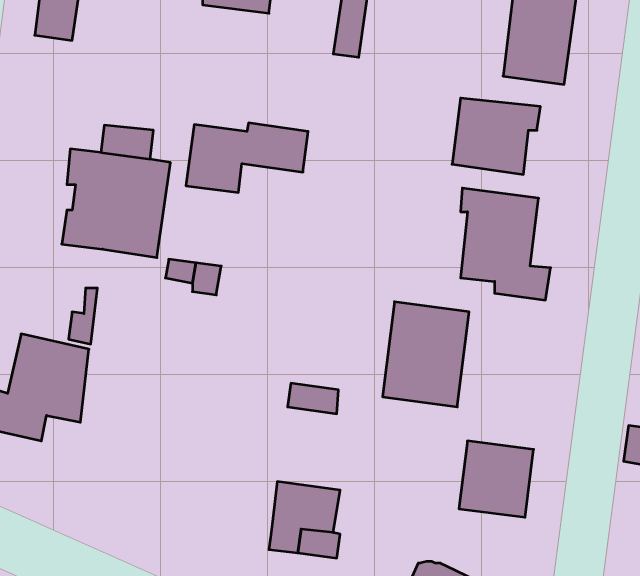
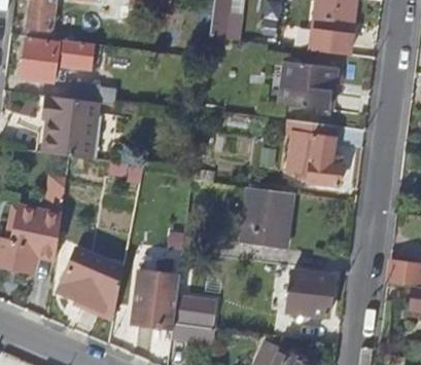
building: [186,123,308,192] -> [21,39,95,81]
building: none -> [58,247,121,314]
building: none -> [130,268,178,330]

